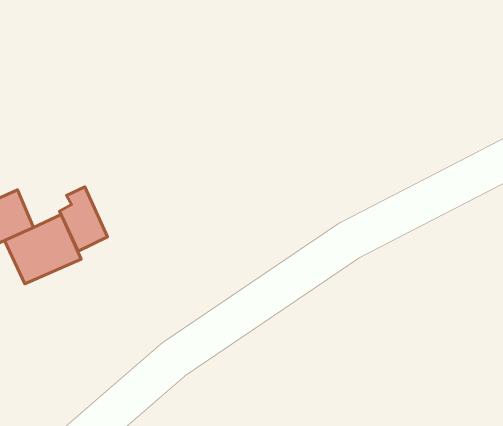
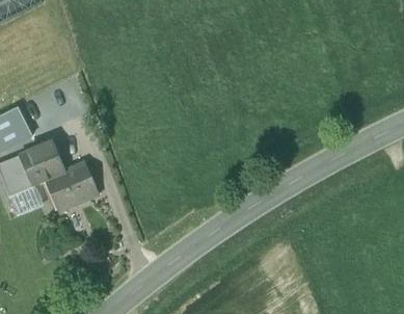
building: [60,187,108,251] -> none

